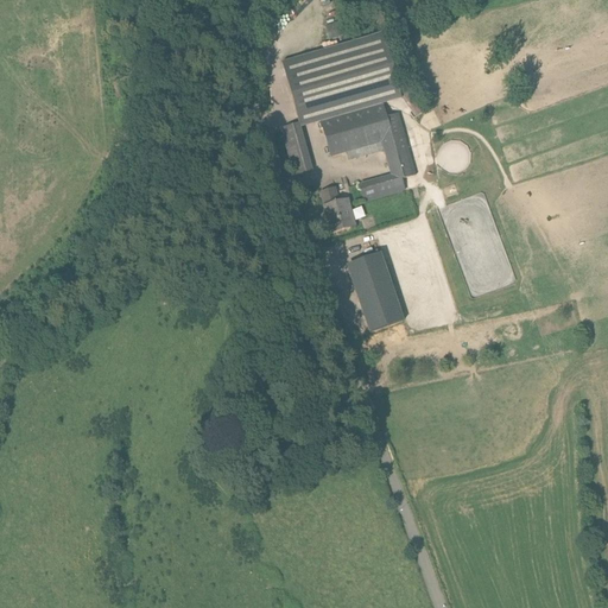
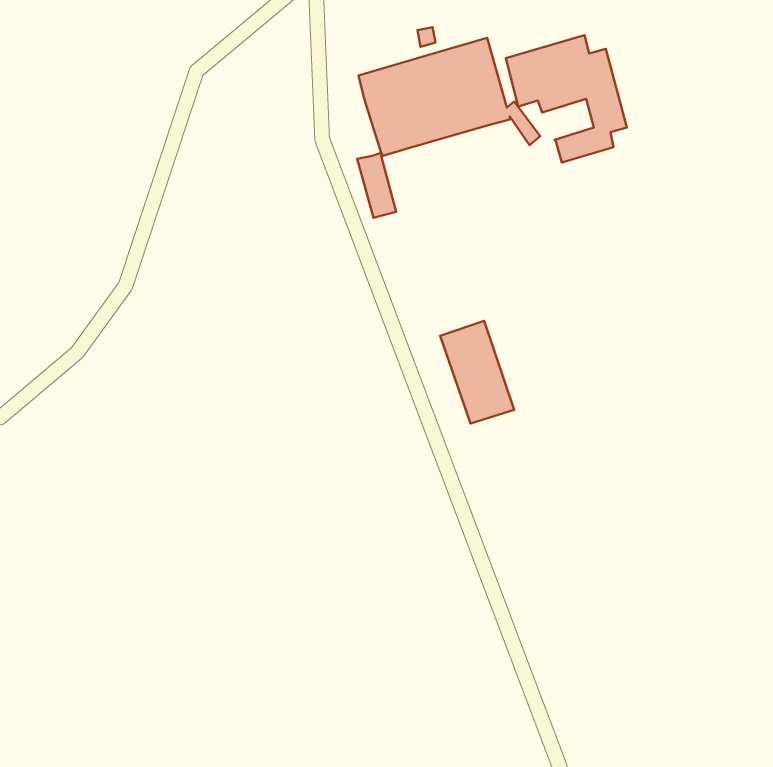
building: [321,99,416,198] -> [506,35,627,162]
building: [319,184,355,229] -> none

